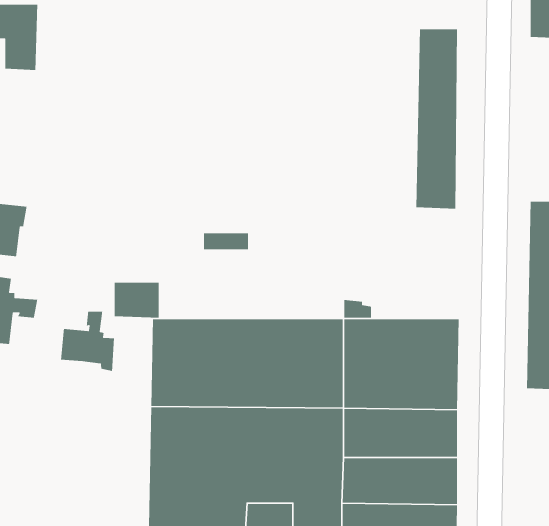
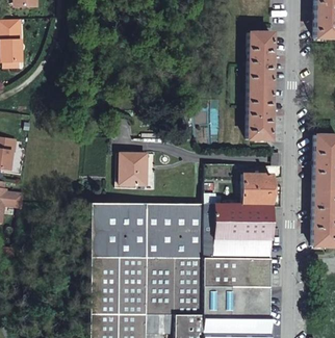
building: none -> [243,175,274,205]
building: [114,282,160,319] -> [122,164,149,186]
building: [60,311,115,372] -> none

